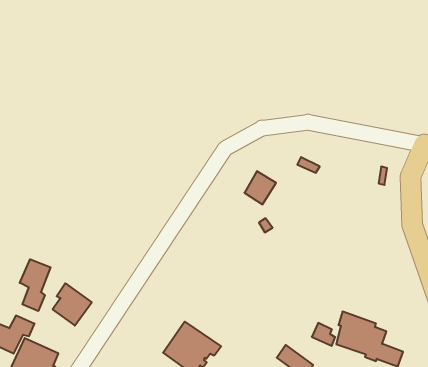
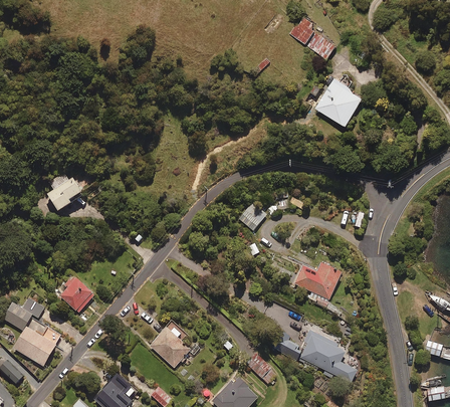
building: none -> [313,79,363,128]
building: none -> [47,177,83,212]
building: none -> [292,265,339,307]
building: [20,259,51,311] -> none

